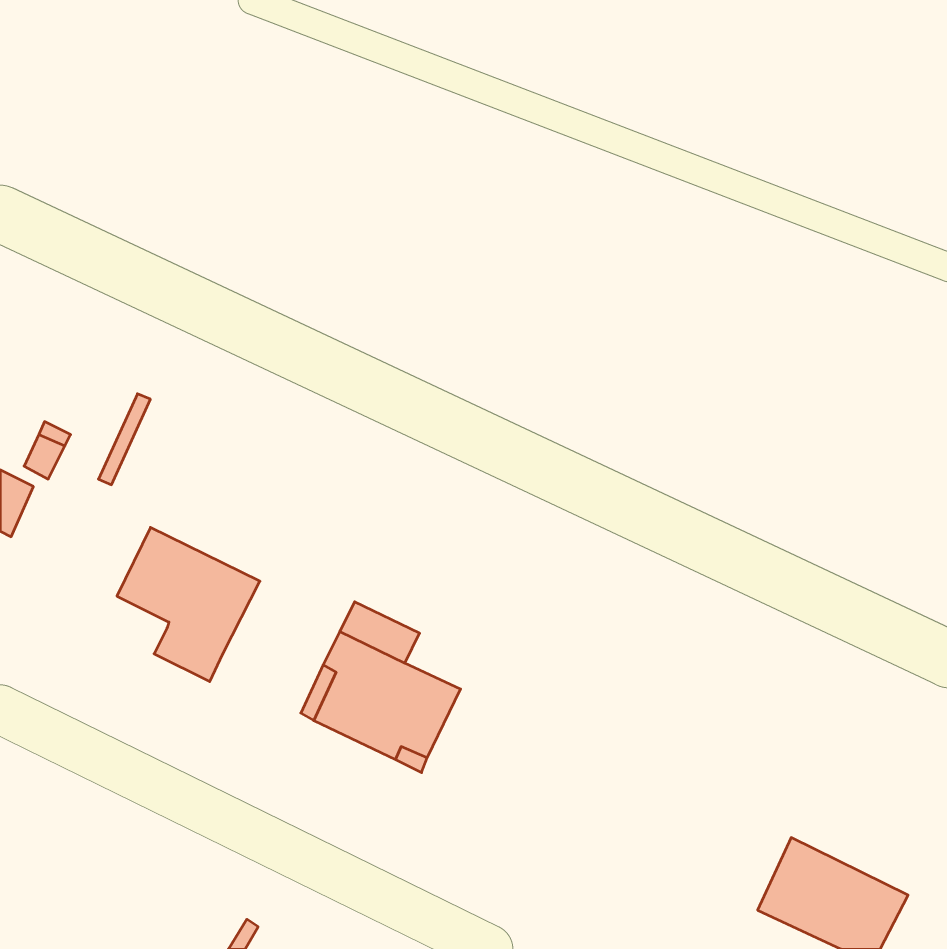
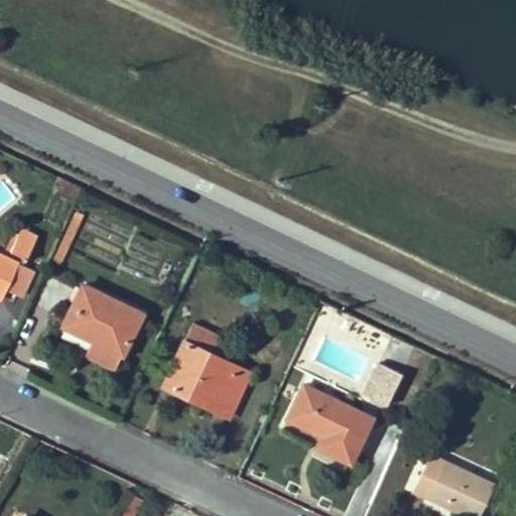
building: none -> [362,364,402,408]
building: none -> [288,387,372,465]

